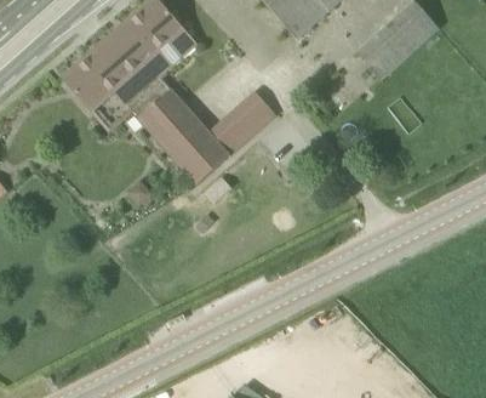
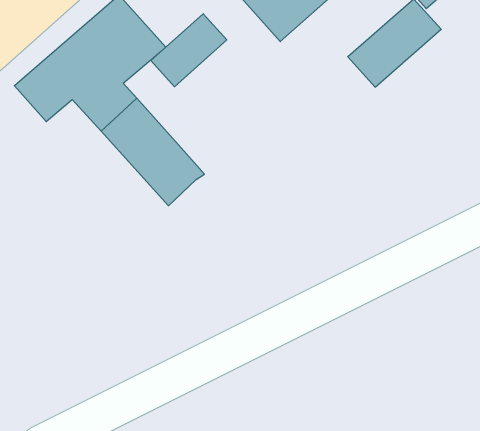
building: [210,91,276,155] -> [151,14,227,87]

